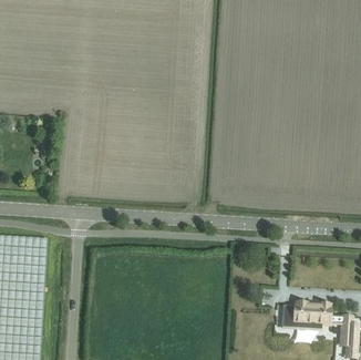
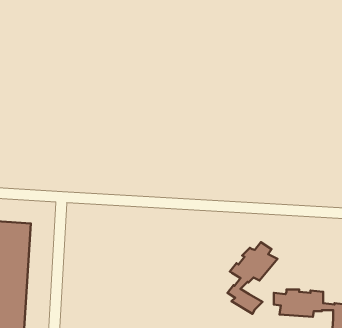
building: none -> [228,242,278,314]

